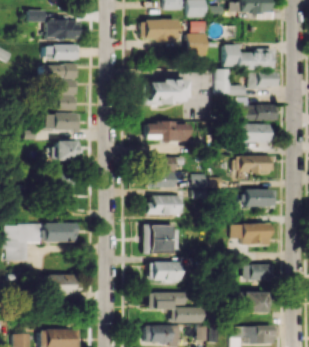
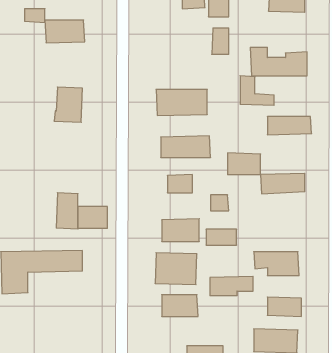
building: [140,19,180,41] -> none
building: [43,44,76,60] -> none
building: [41,64,76,78] -> none
building: [249,72,279,88] -> none
building: [43,113,78,130] -> none
building: [240,123,269,142] -> [228,153,261,175]
building: [54,141,80,160] -> [78,207,107,228]
building: [147,173,174,187] -> [206,229,237,245]
building: [244,189,274,207] -> none
building: [49,274,80,296] -> none
building: [146,292,184,309] -> [210,276,253,296]

